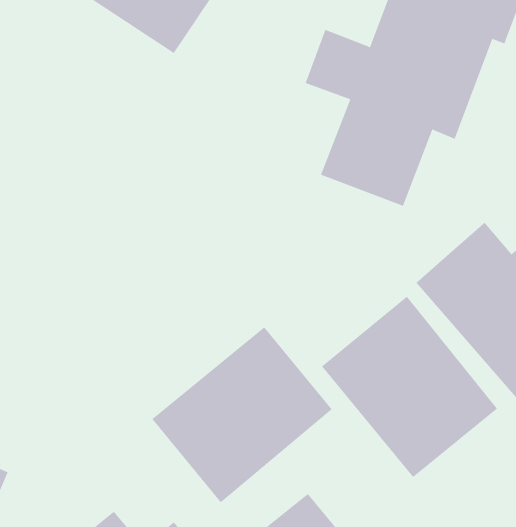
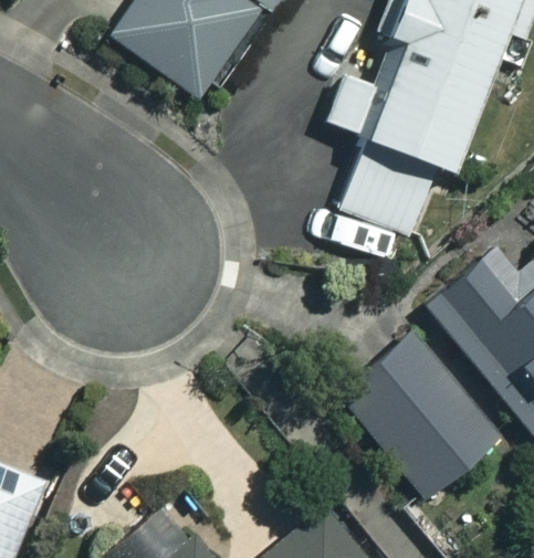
building: [152,326,333,503] -> none

